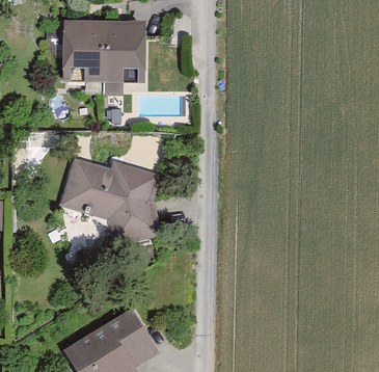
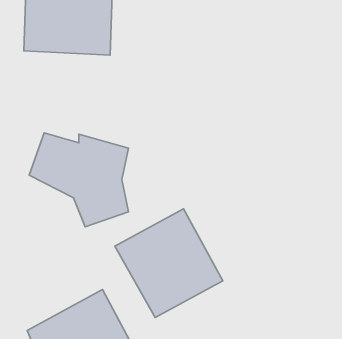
building: none -> [115,209,223,318]

